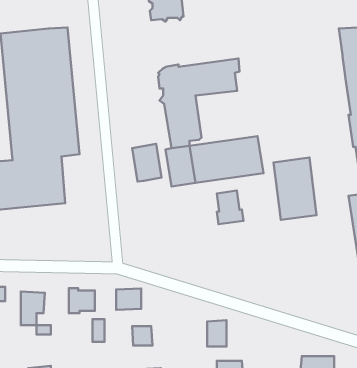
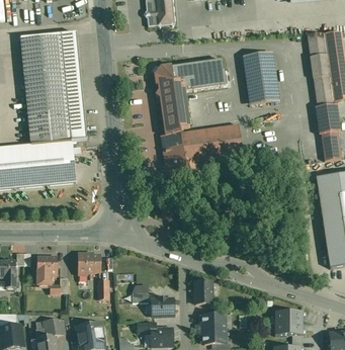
building: [132,144,162,182] -> none
building: [274,158,317,220] -> [243,51,279,103]
building: [217,191,243,224] -> none
building: [116,288,141,310] -> [152,296,173,315]

